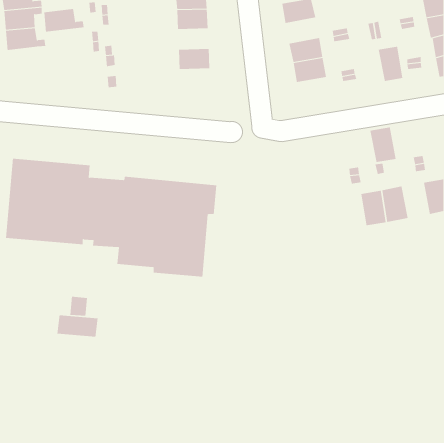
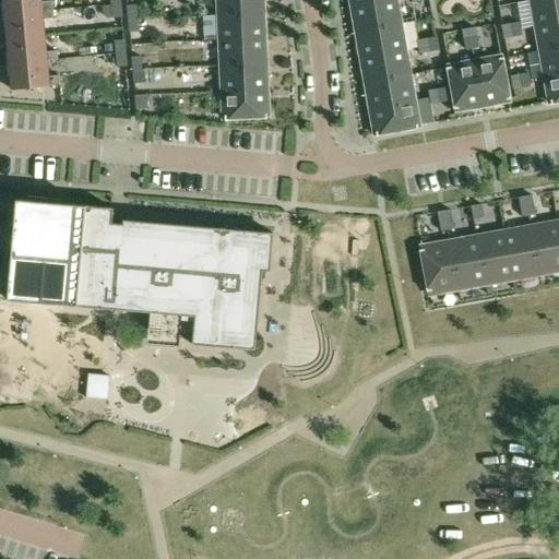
building: [44,9,84,32] -> [9,59,60,88]
building: none -> [358,22,402,55]
building: none -> [223,36,263,62]
building: none -> [451,62,483,106]
building: none -> [225,86,265,112]
building: none -> [372,97,416,129]
building: [370,127,397,163] -> [506,229,539,274]
building: none -> [426,243,460,289]
building: [57,314,98,338] -> none

